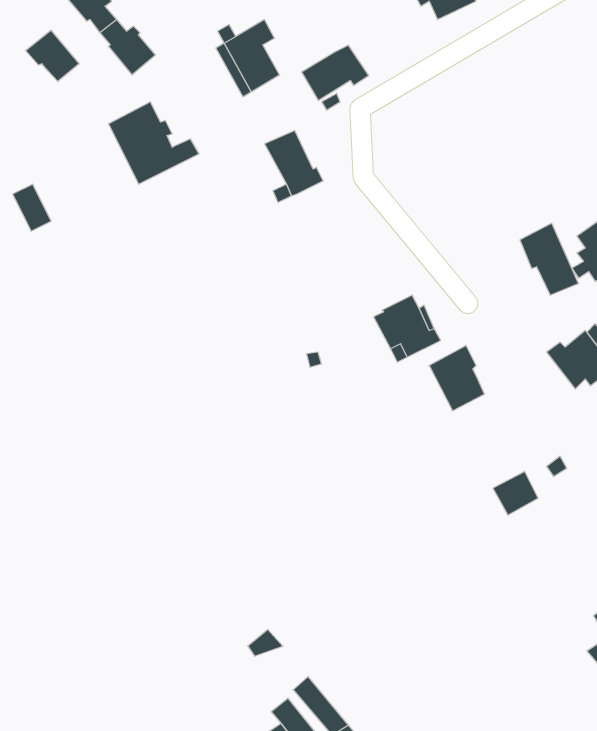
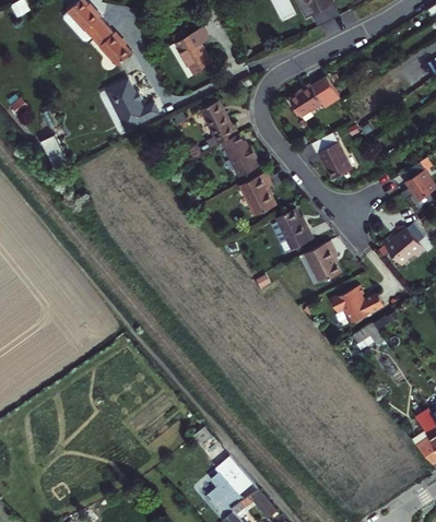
building: [26,30,79,82] -> none
building: [302,45,369,101] -> [286,80,330,116]
building: none -> [222,132,260,177]
building: [520,223,579,295] -> [315,129,353,176]
building: none -> [241,173,278,215]
building: none -> [330,287,382,323]

